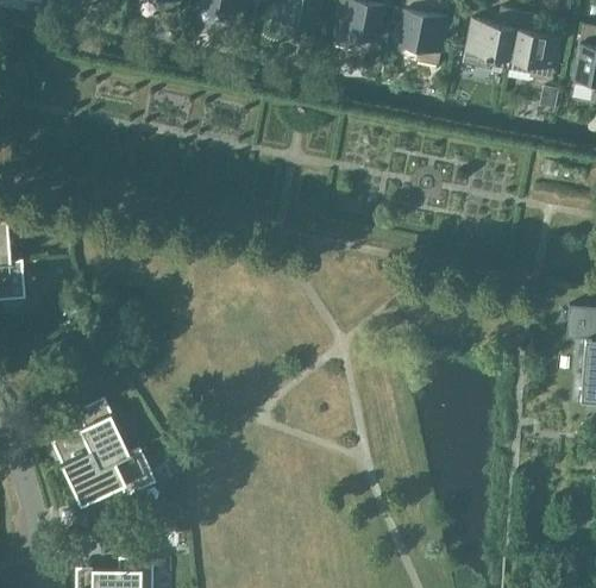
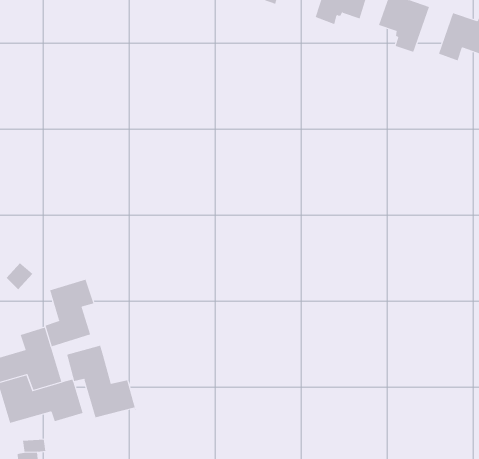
building: none -> [45,279,94,347]
building: none -> [67,345,136,418]

